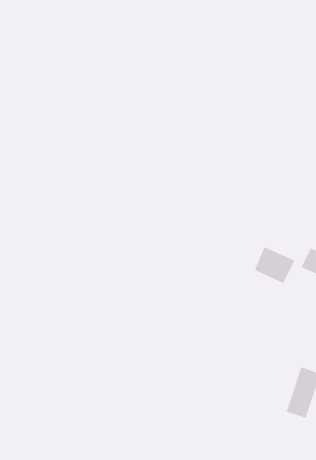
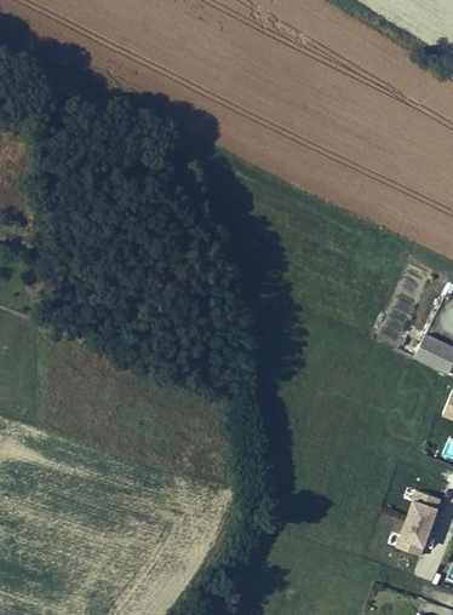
building: [254,246,295,284] -> none

